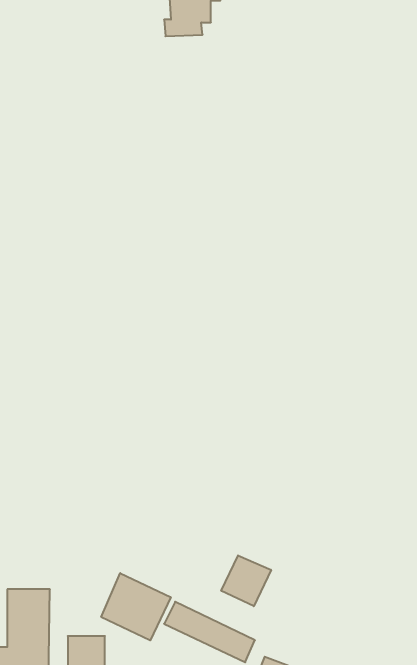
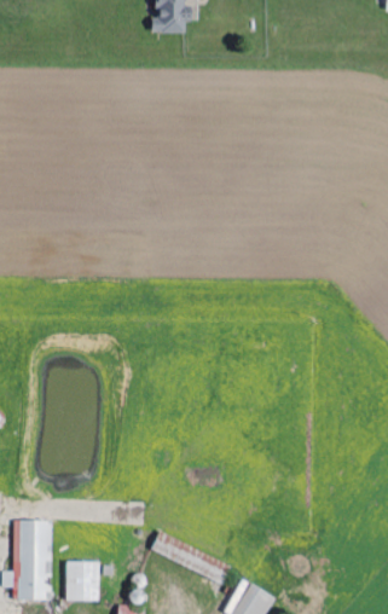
building: [221,555,271,606] -> none
building: [101,573,171,640] -> none

